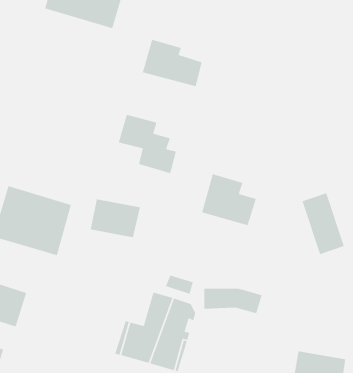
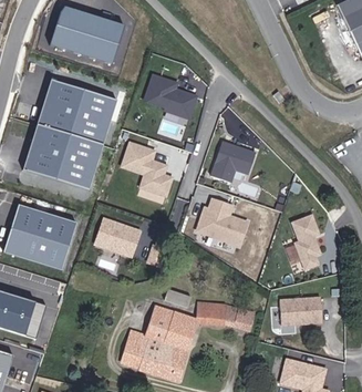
building: none -> [27,81,120,190]
building: none -> [209,138,255,182]
building: none -> [278,293,325,326]

